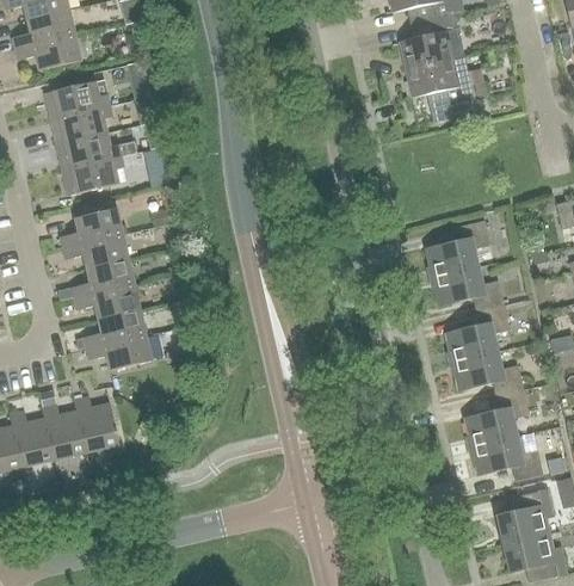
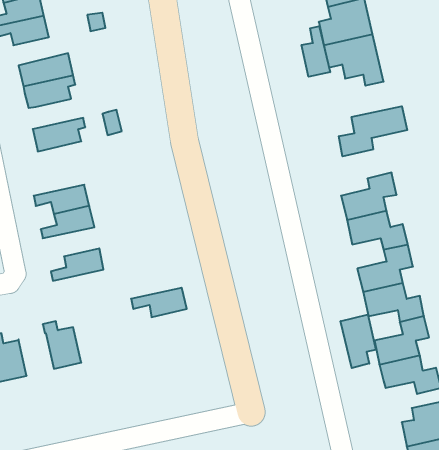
building: none -> [302,26,330,77]
building: [56,132,135,168] -> none
building: none -> [339,106,407,156]
building: [60,208,122,247] -> none
building: [73,284,140,319] -> none
building: [85,334,150,369] -> [131,288,187,317]
building: none -> [341,314,376,368]
building: [41,402,86,459] -> none

